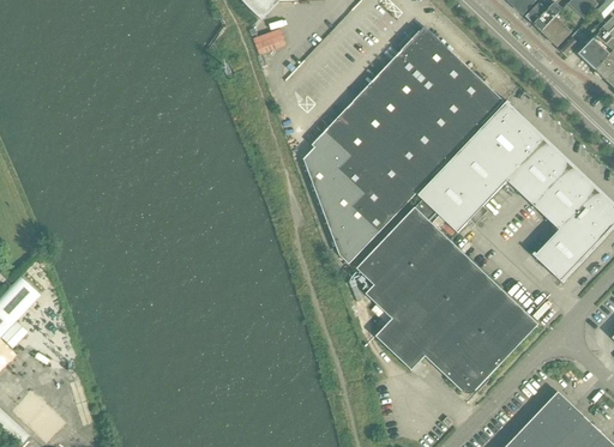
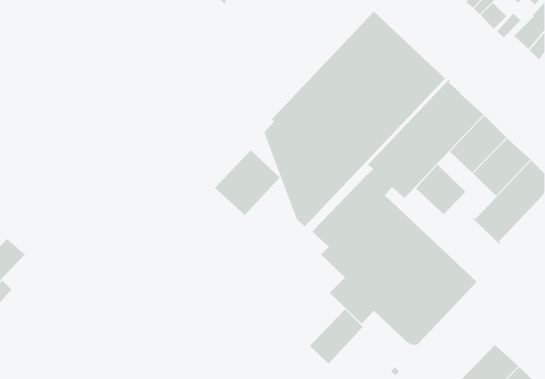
building: none -> [214,150,280,216]
building: none -> [415,164,466,215]
building: none -> [309,308,363,364]

